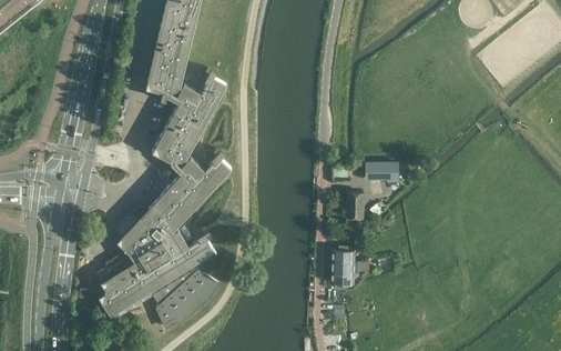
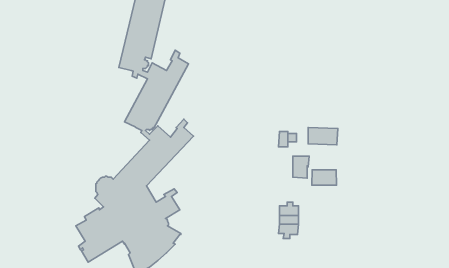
building: none -> [312,170,336,185]

